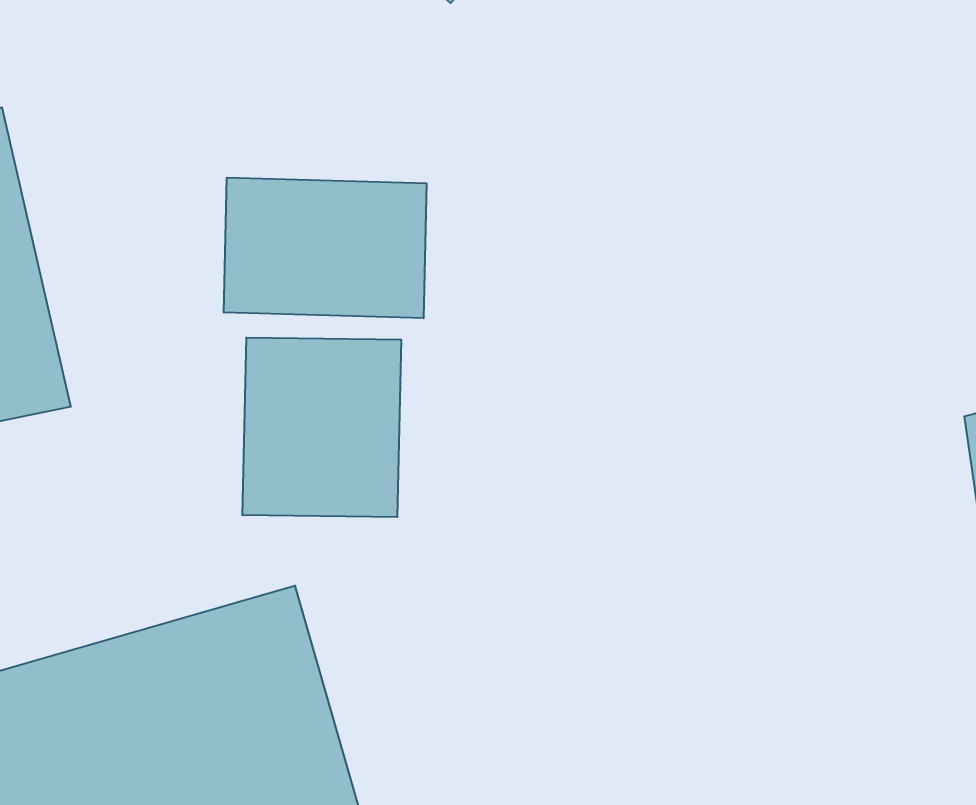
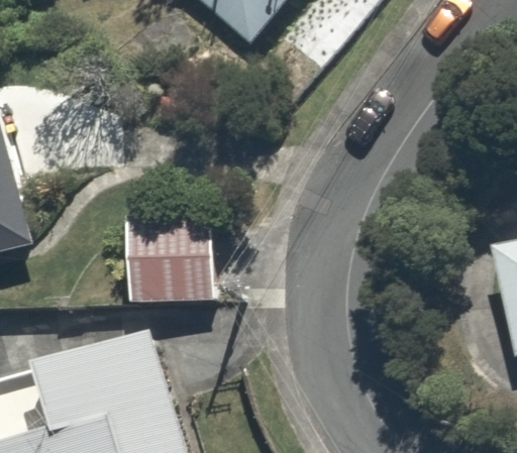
building: [224,178,427,318] -> none

